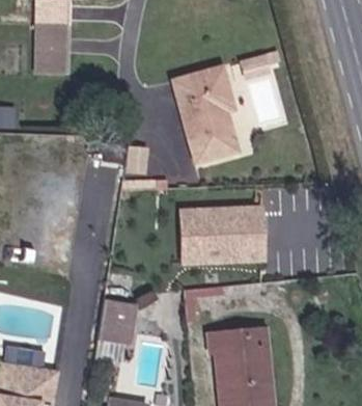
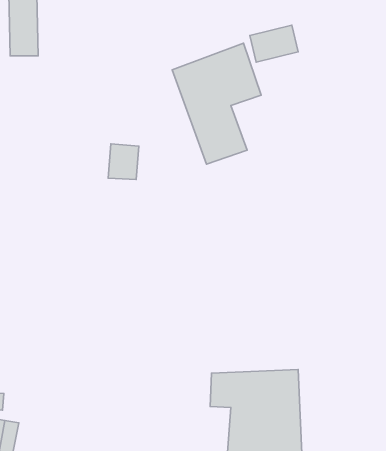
building: [179,204,264,263] -> none
building: [95,298,139,345] -> none

